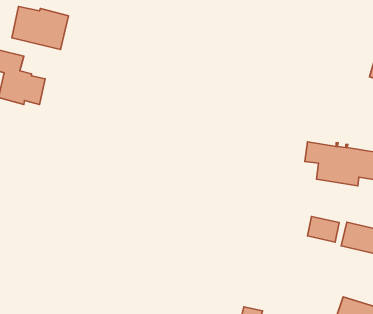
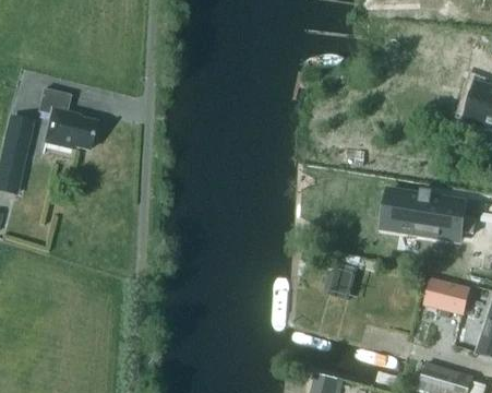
building: [12,7,69,50] -> none
building: [308,216,339,242] -> none

